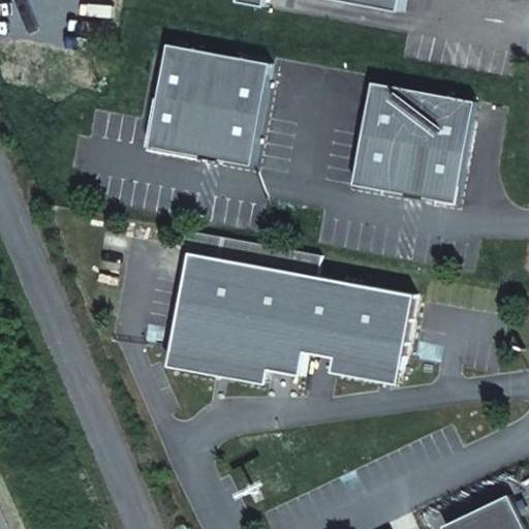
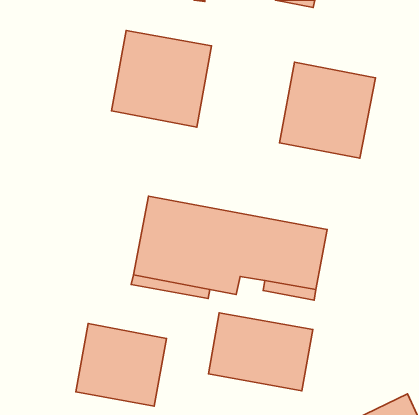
building: none -> [208,313,313,391]
building: none -> [76,324,167,406]

